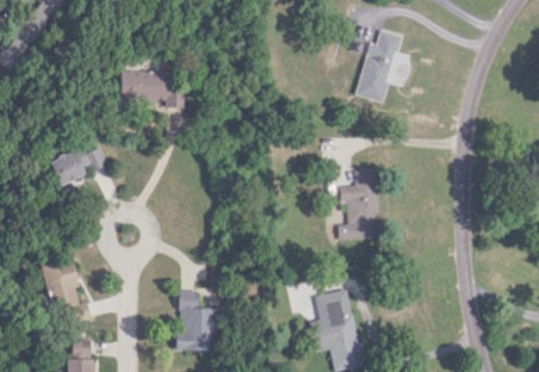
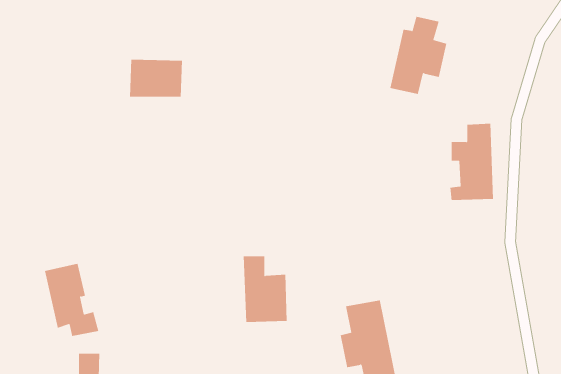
building: [49,147,107,186] -> none
building: [339,169,379,240] -> [449,123,494,200]
building: [178,291,218,352] -> [243,256,287,323]

